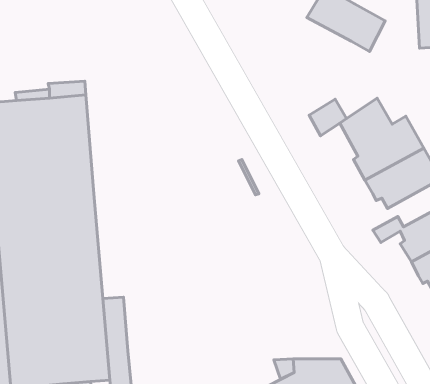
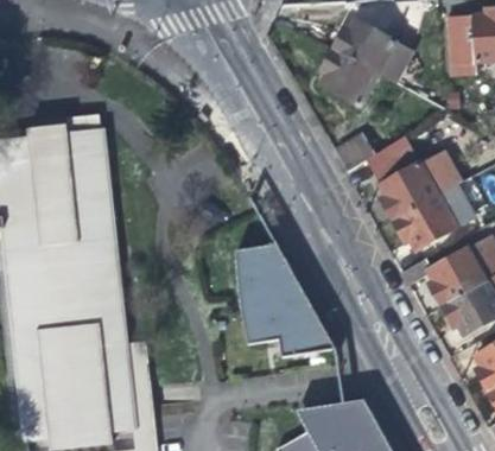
building: none -> [321,50,380,107]
building: none -> [237,249,341,354]

